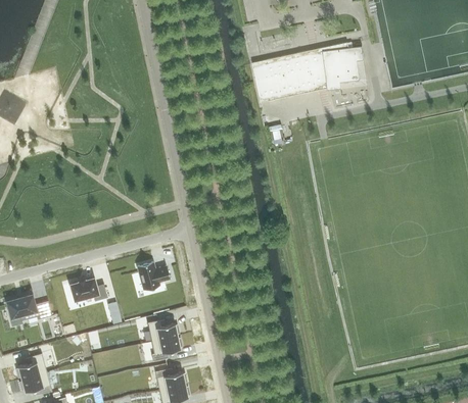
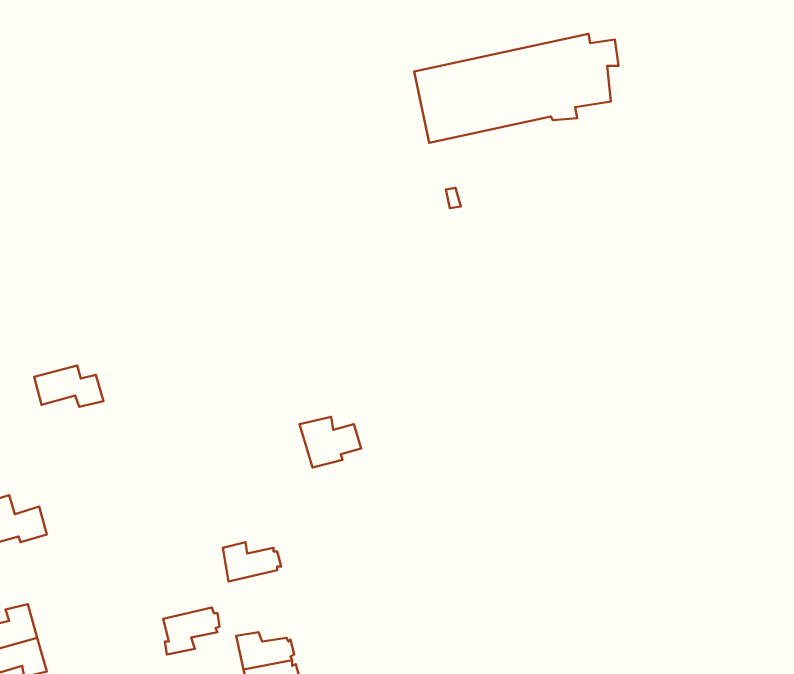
building: [136,261,170,289] -> [299,417,361,467]
building: [69,278,107,300] -> [34,366,103,407]
building: [150,335,181,360] -> [163,608,219,655]

